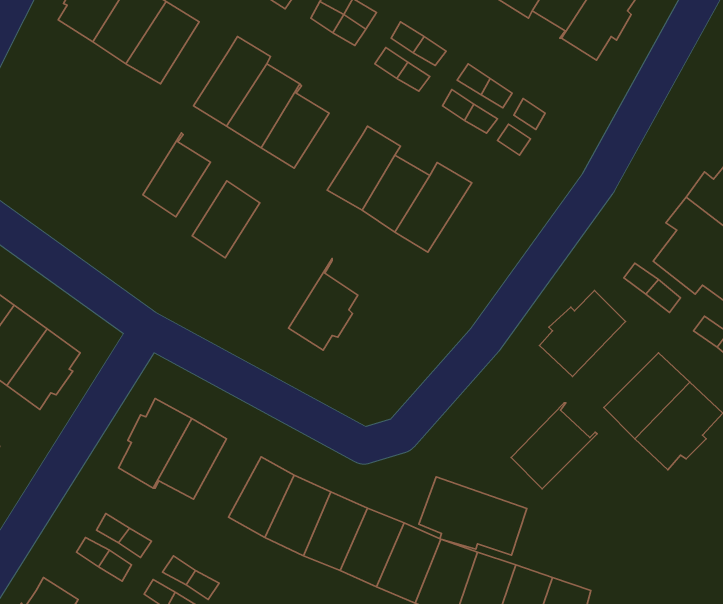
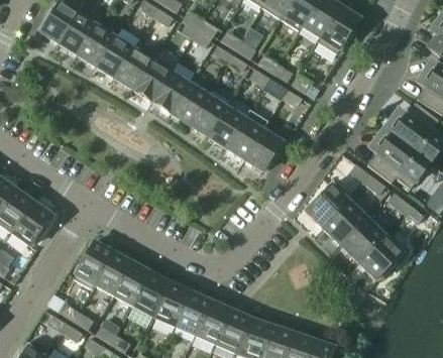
building: [143,133,211,217] -> [96,32,133,79]
building: [192,181,260,258] -> [170,83,207,125]
building: [288,259,358,350] -> [243,121,282,171]
building: [511,403,597,489] -> [323,198,370,245]
building: none -> [114,262,151,306]
building: [419,477,527,555] -> none

